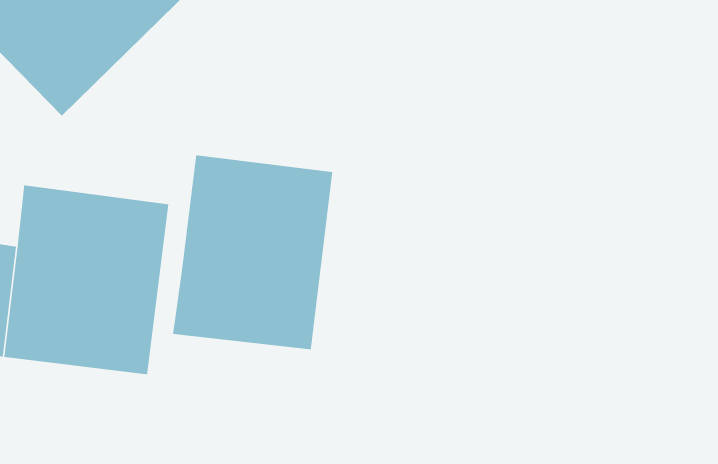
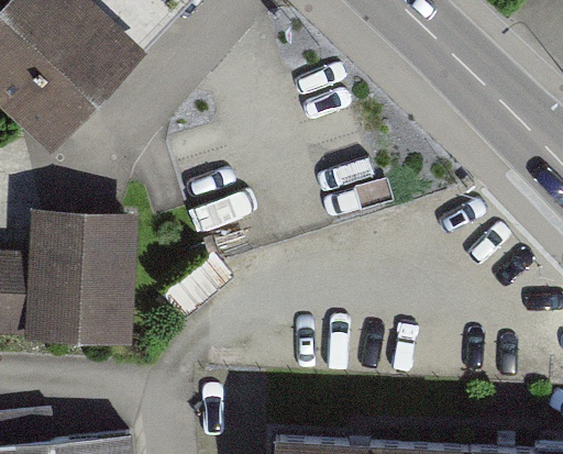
building: [172,155,333,350] -> none

